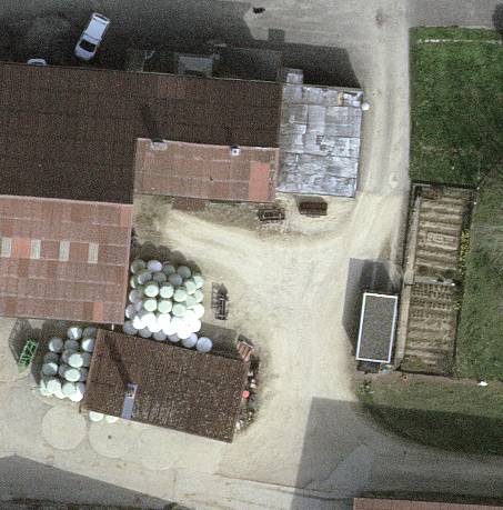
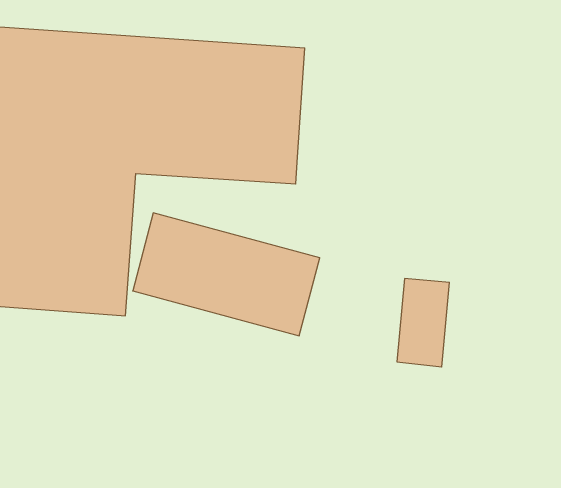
building: [270,88,350,192] -> none
building: [85,333,248,440] -> [133,213,320,336]

